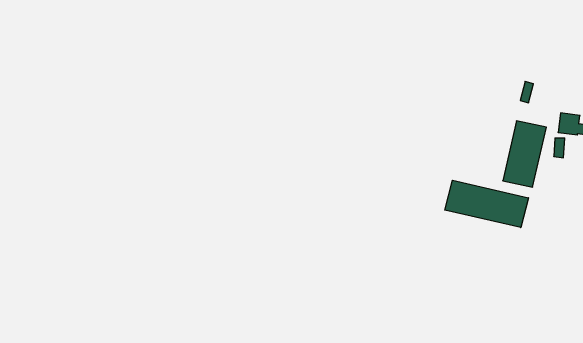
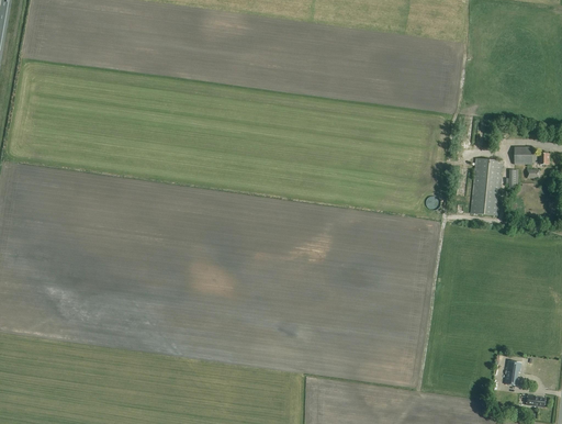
building: [445,180,528,228] -> none

